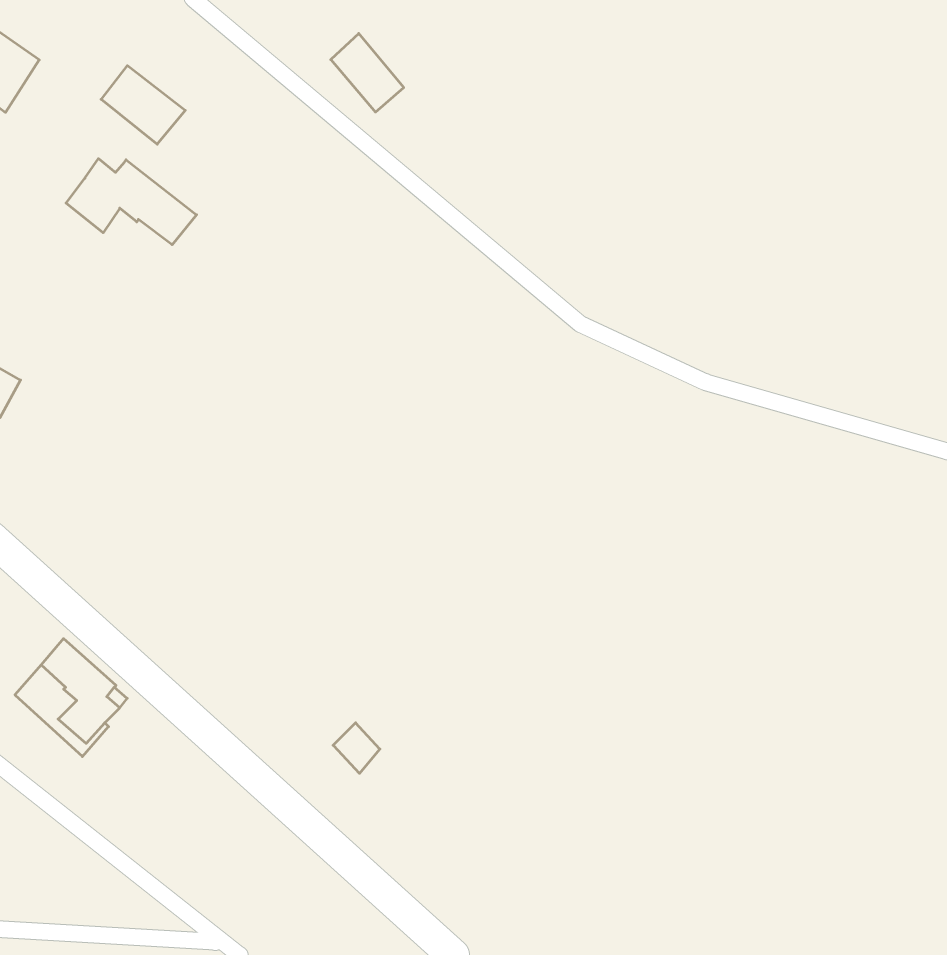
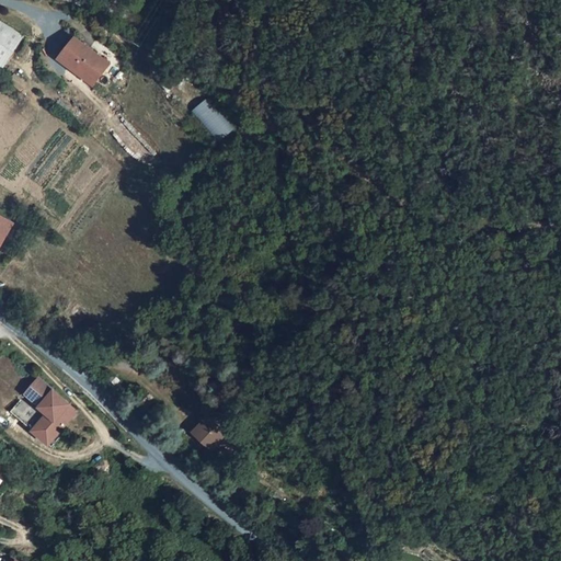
building: [331,33,404,112] -> [186,96,229,142]
building: [66,159,197,245] -> none

